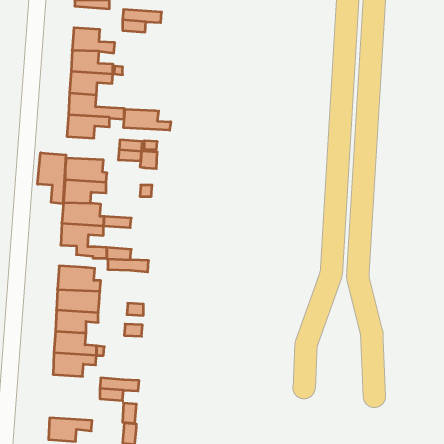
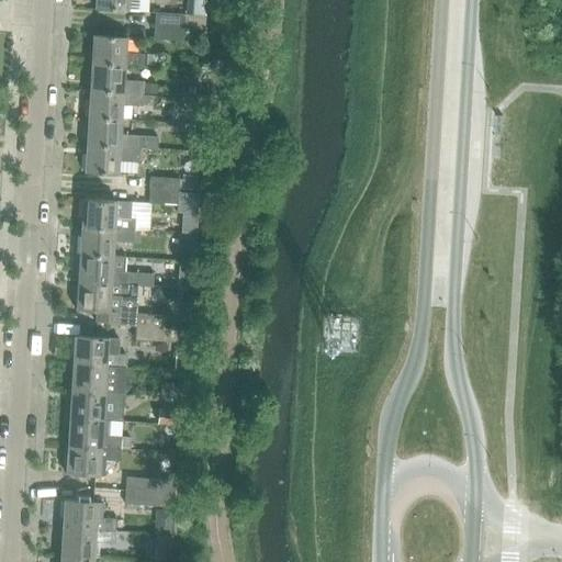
building: [124,109,171,130] -> none
building: [38,153,66,204] -> none
building: none -> [63,499,116,531]

